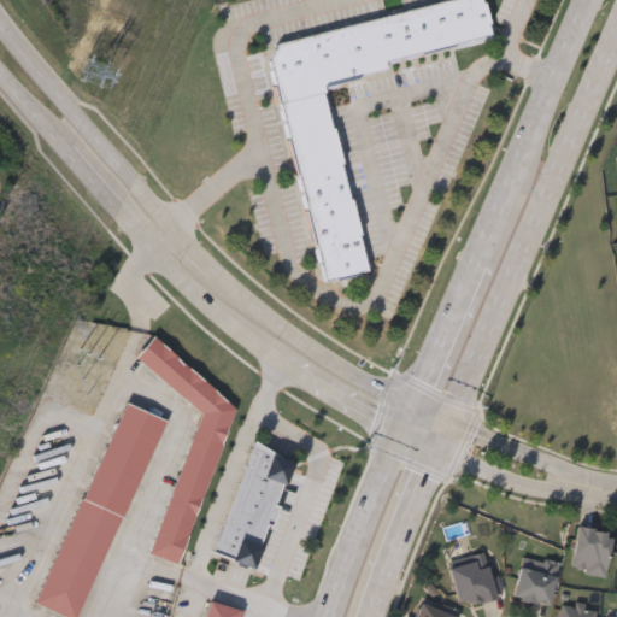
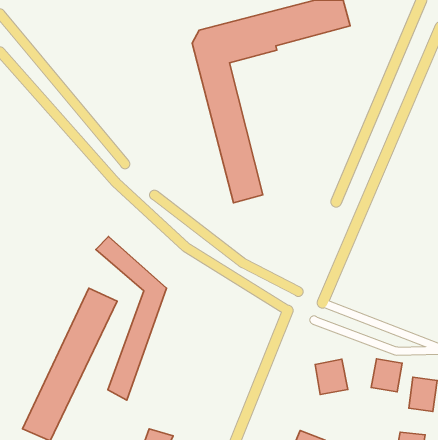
building: [213,445,298,570] -> none
building: [453,558,499,607] -> [315,359,348,395]
building: [517,559,560,605] -> [371,359,402,392]

